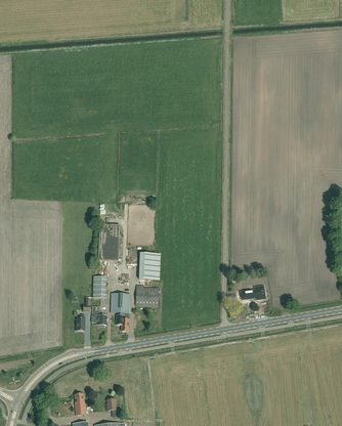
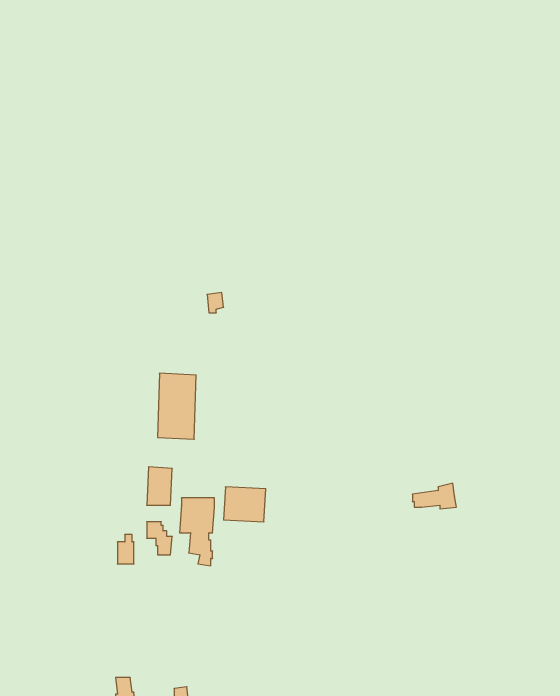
building: [139,252,160,279] -> none

